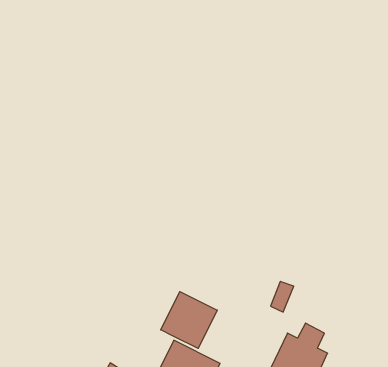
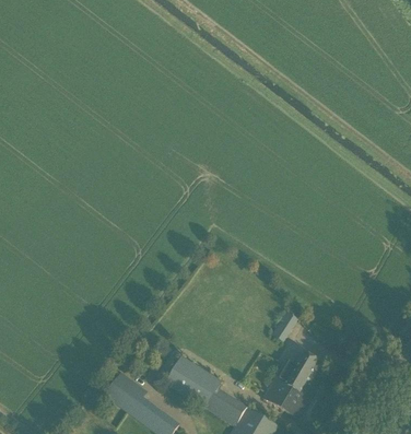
building: [161,292,217,348] -> none

